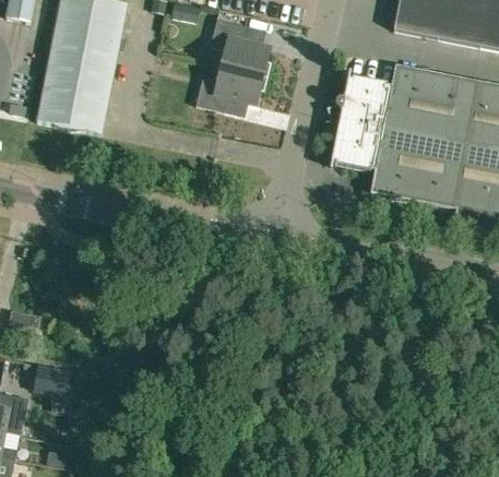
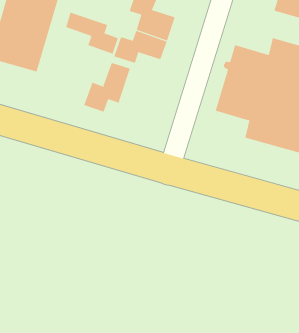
building: none -> [65,12,119,55]
building: none -> [83,62,130,113]

